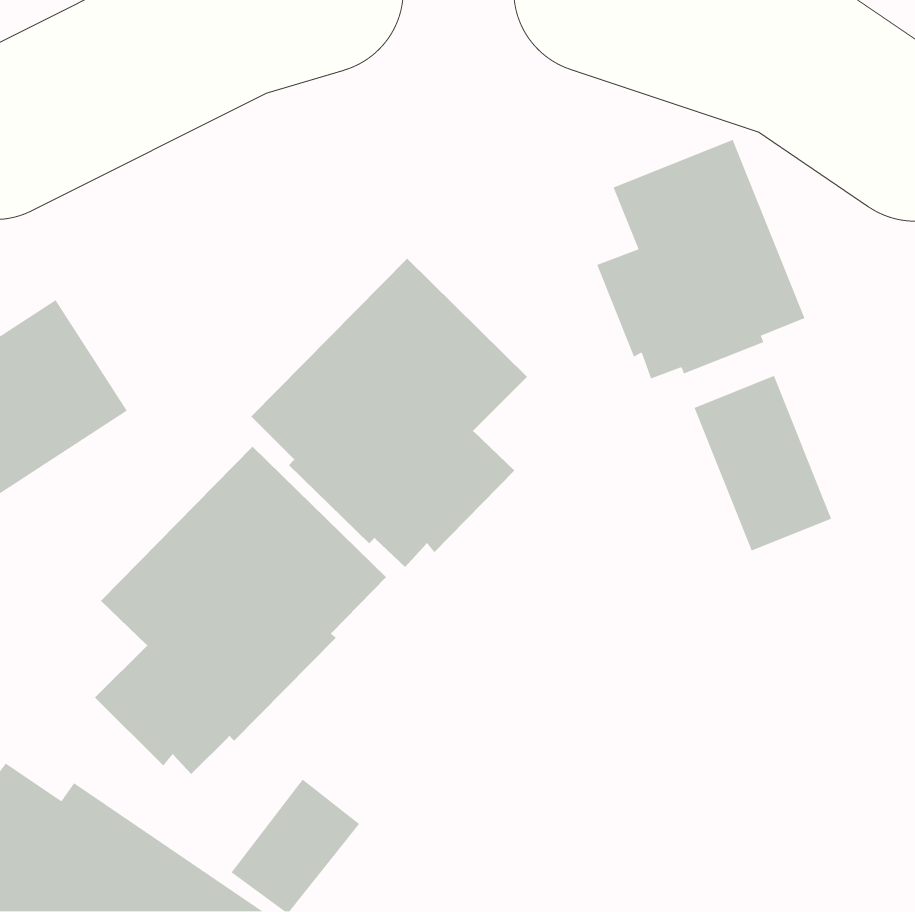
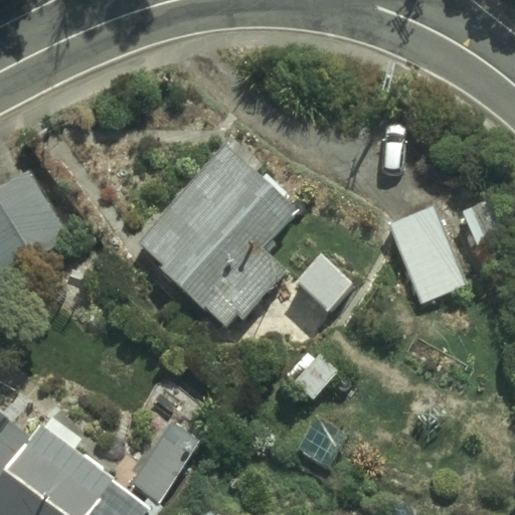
building: [596,139,805,380] -> none
building: [94,446,387,775] -> none

